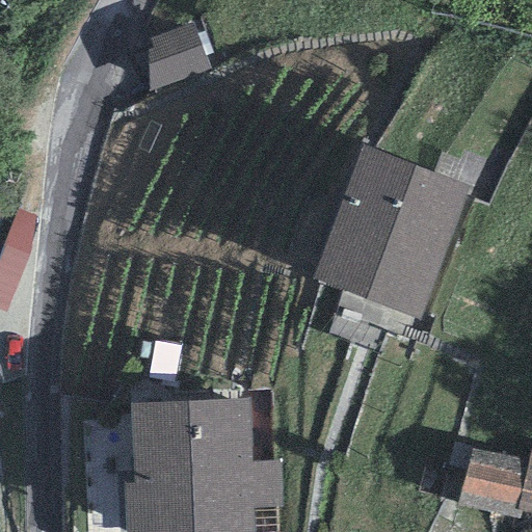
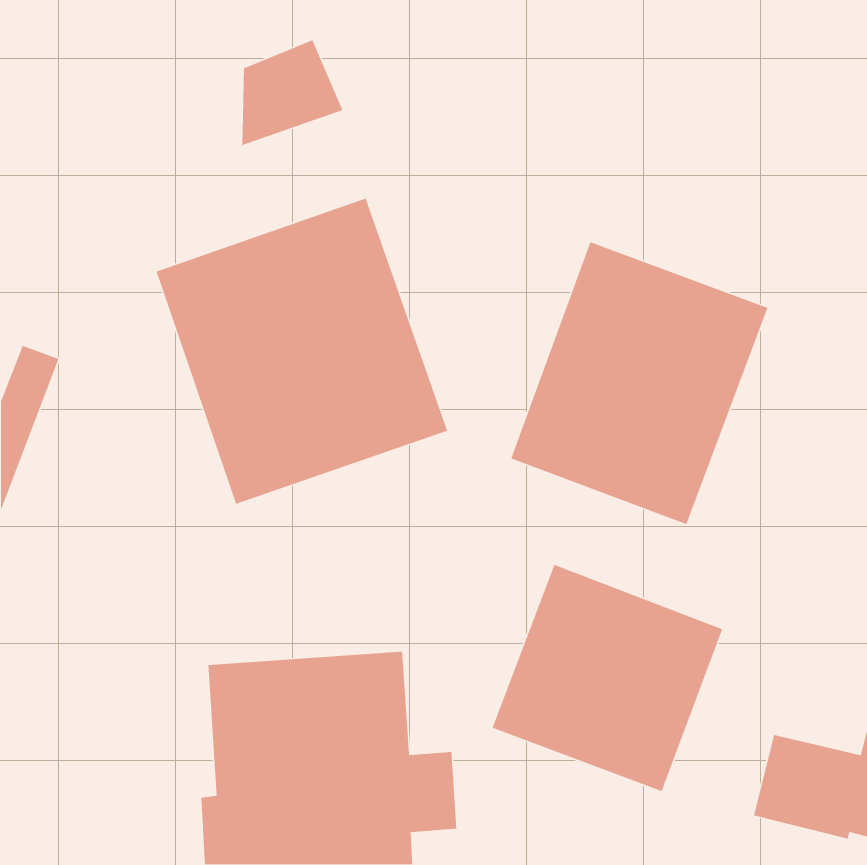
building: none -> [156,197,448,505]
building: none -> [492,564,723,792]

